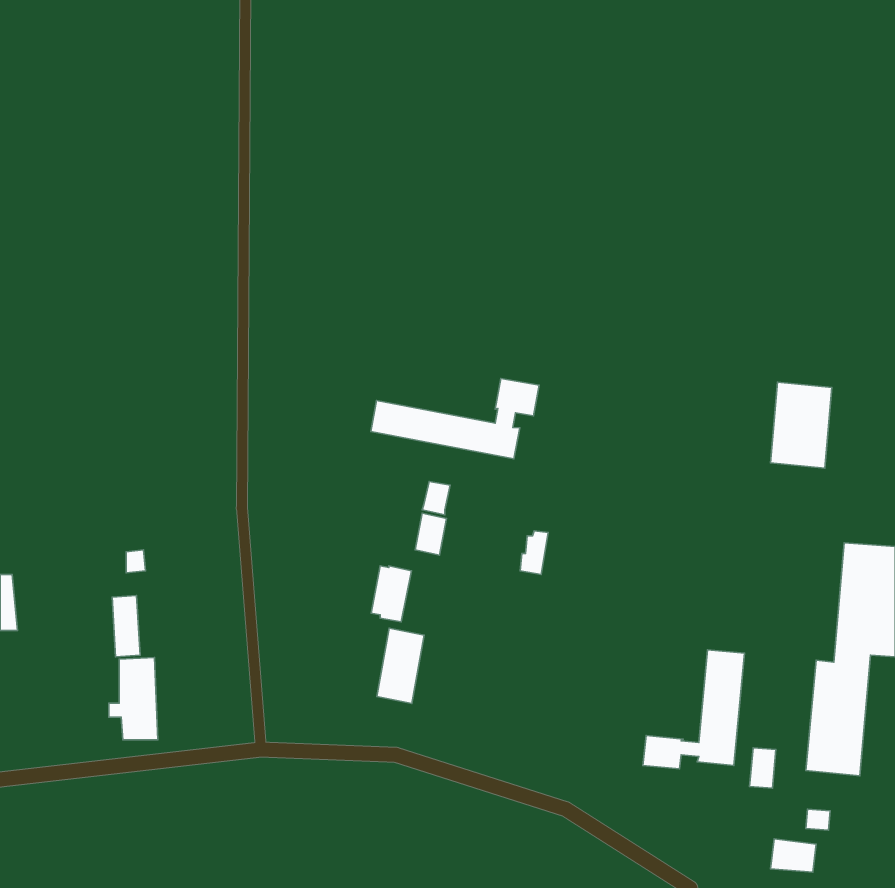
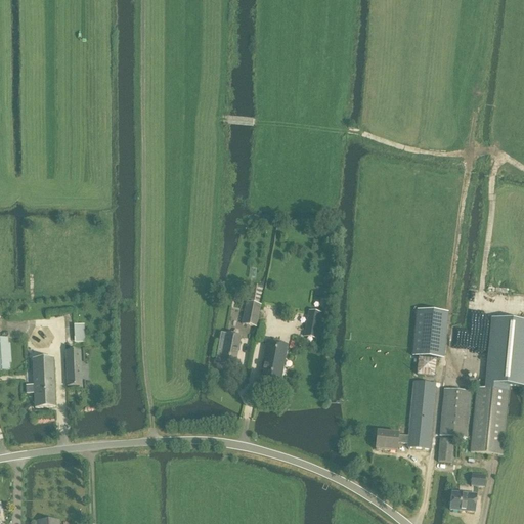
building: [371,378,539,459] -> none
building: [771,382,832,468] -> [411,306,447,356]
building: [377,628,424,703] -> [260,339,288,383]
building: [109,658,158,740] -> [27,356,55,404]
building: none -> [441,387,471,436]

